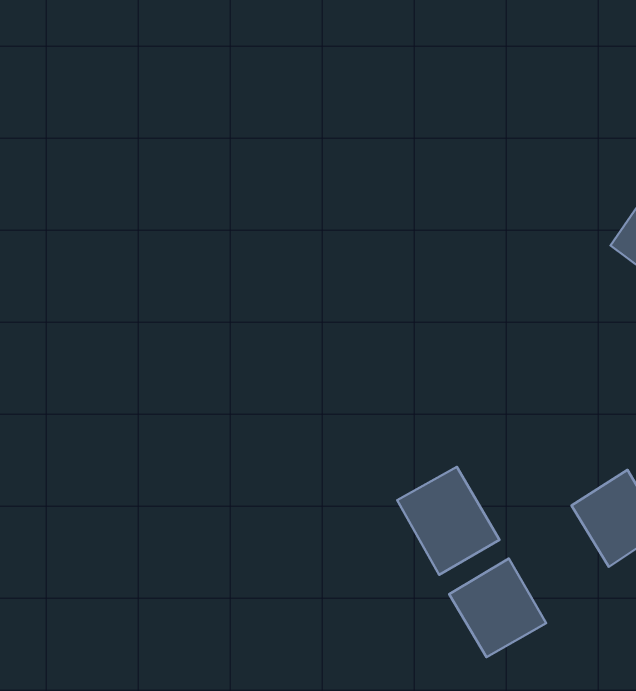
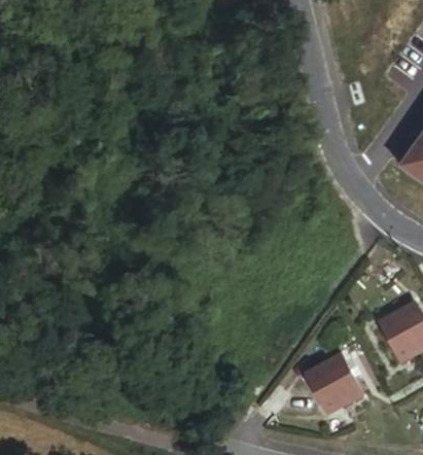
building: [397,467,499,575] -> none

